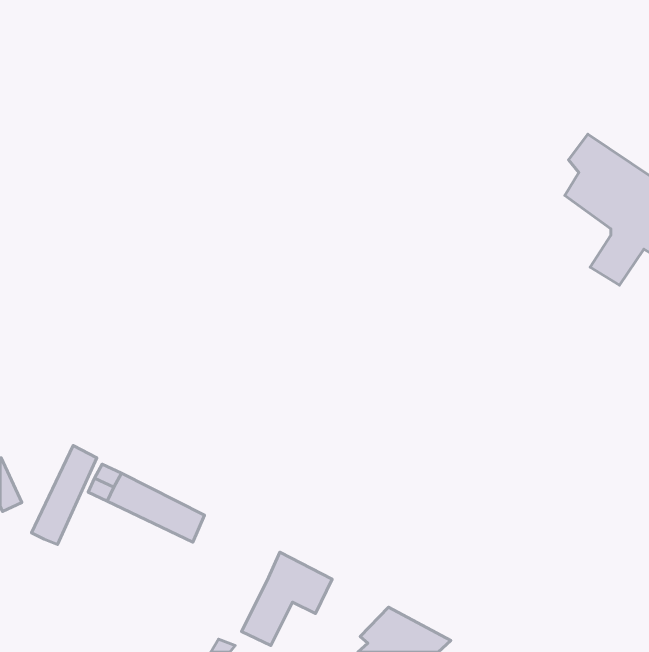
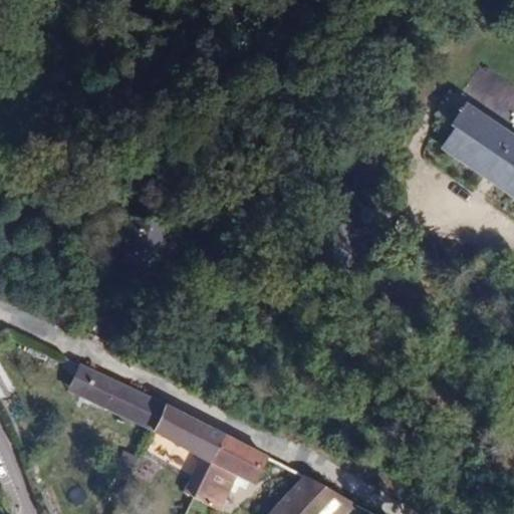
building: [32,445,97,545] -> none
building: none -> [156,406,223,456]

